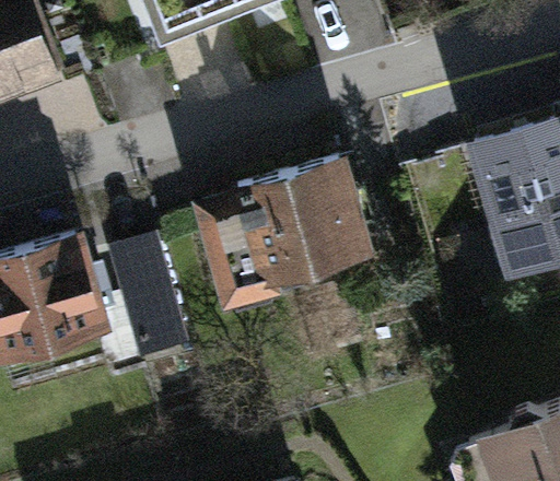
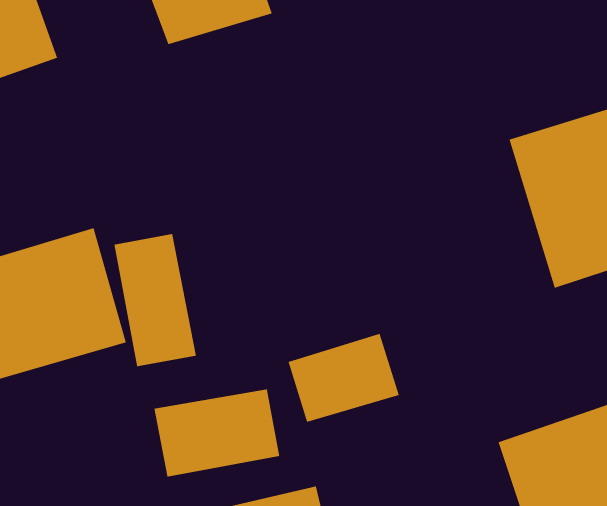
building: [198,155,383,306] -> none
building: none -> [287,333,400,423]
building: none -> [154,389,280,478]

